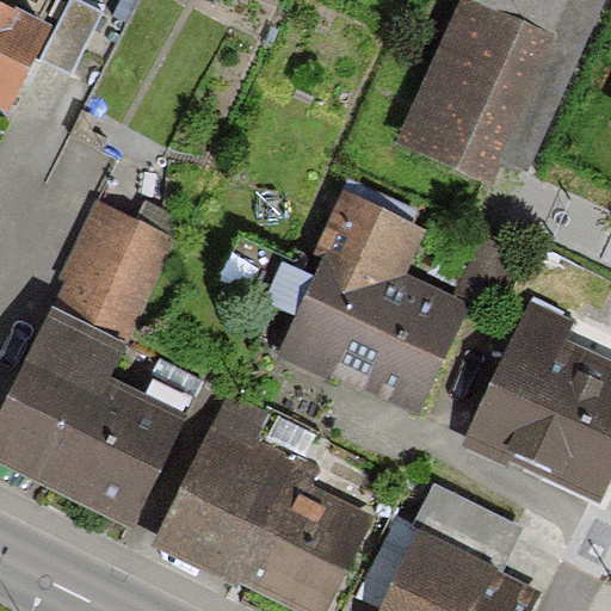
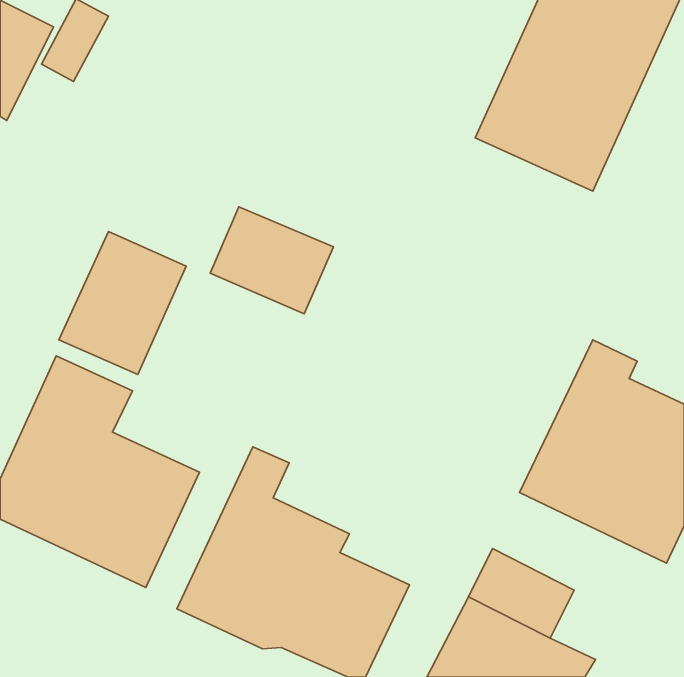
building: none -> [210,207,333,314]
building: [271,187,468,409] -> none

